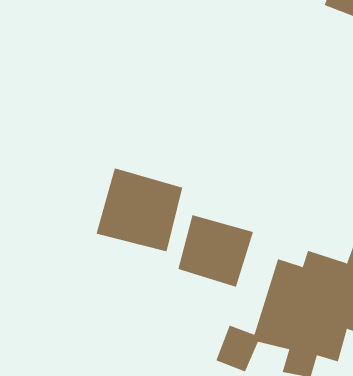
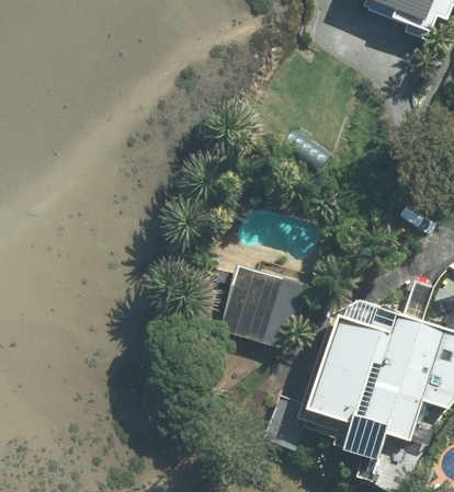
building: [96,167,183,252] -> none

